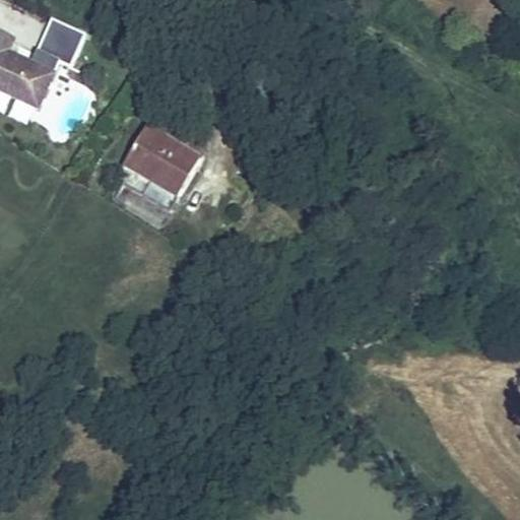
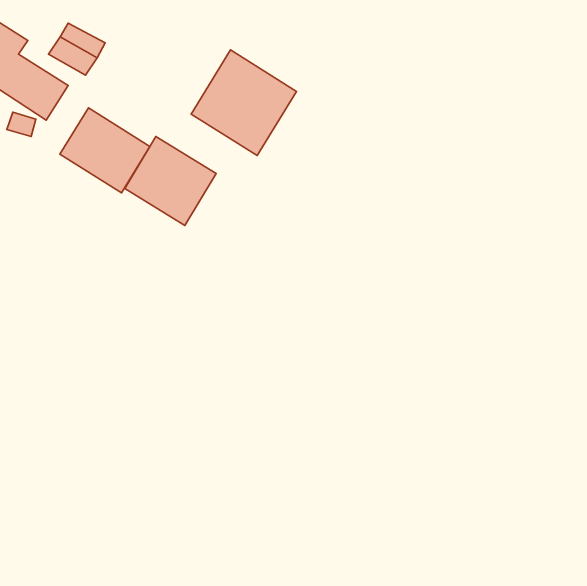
building: none -> [191,50,297,155]
building: none -> [60,108,150,193]

